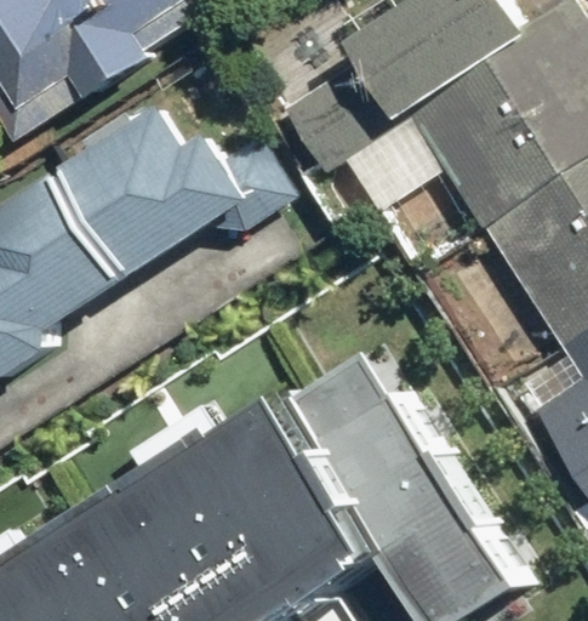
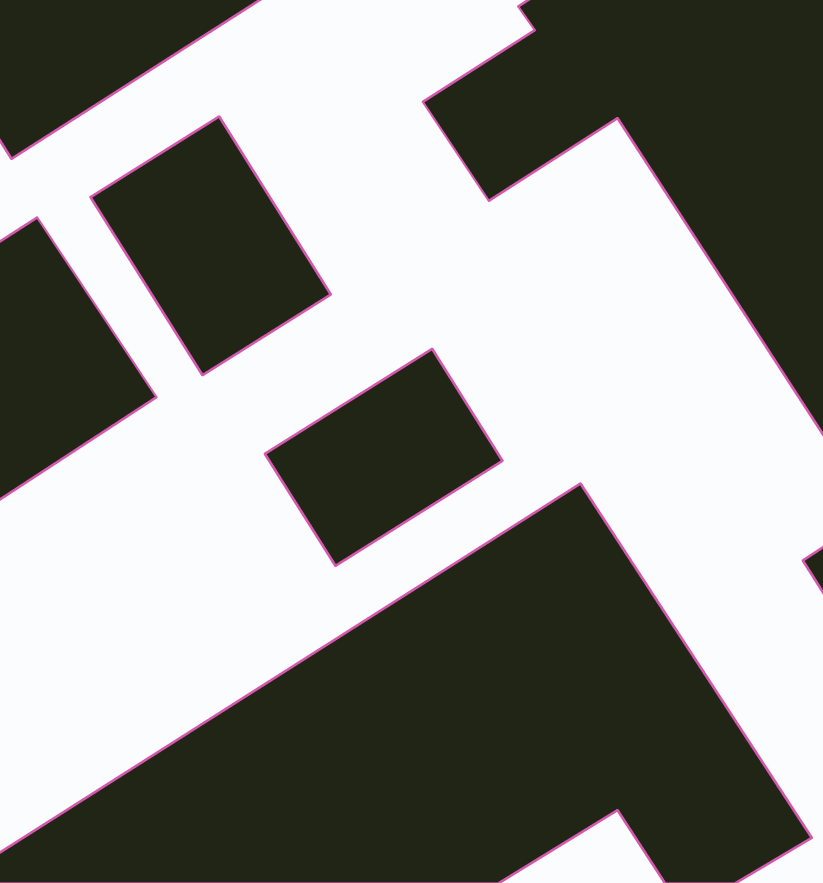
building: none -> [265,349,503,566]

